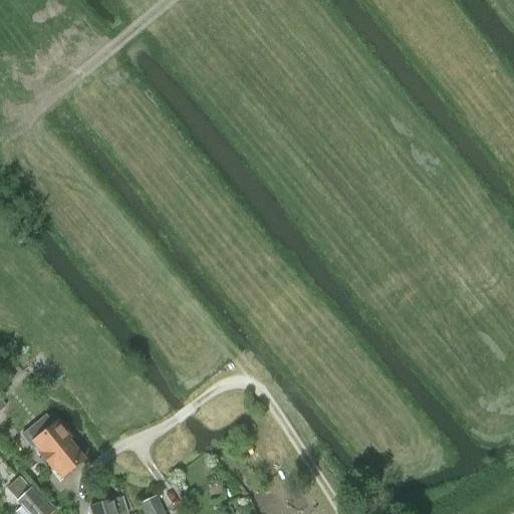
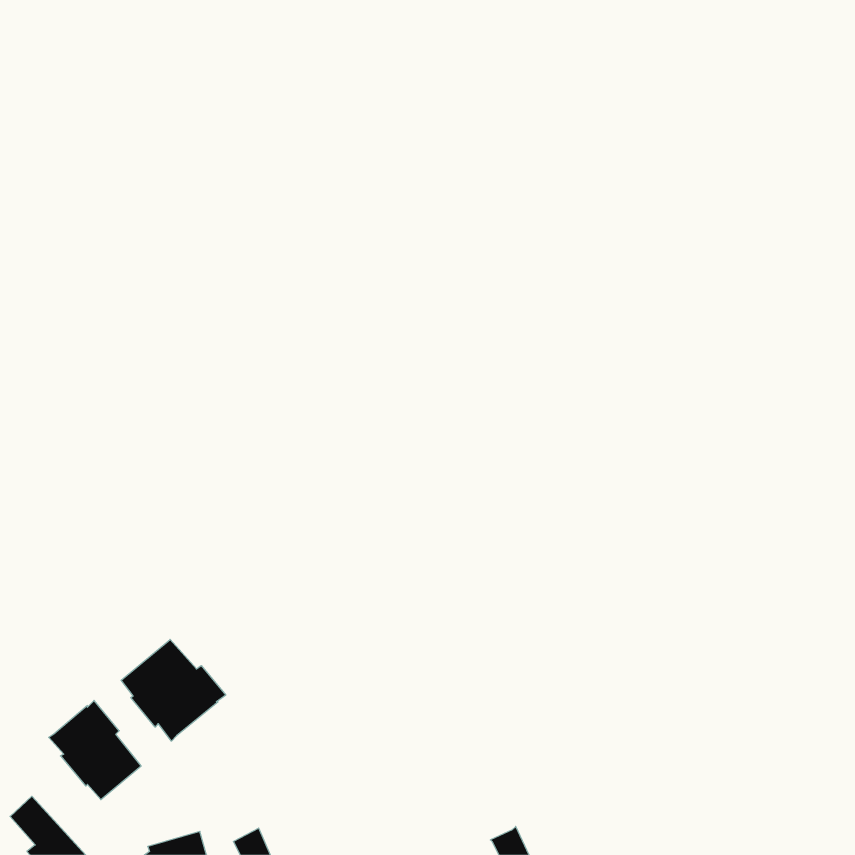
building: none -> [121,639,226,741]

